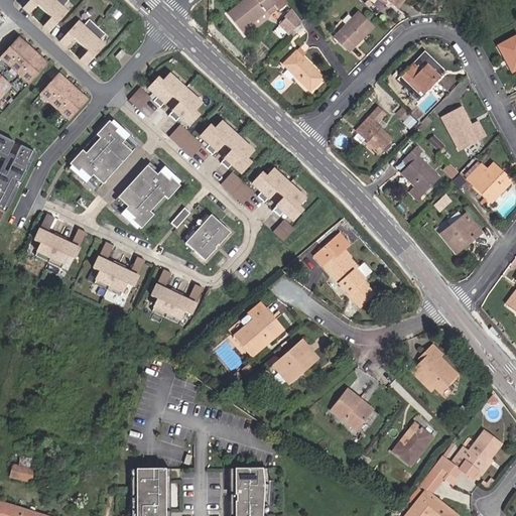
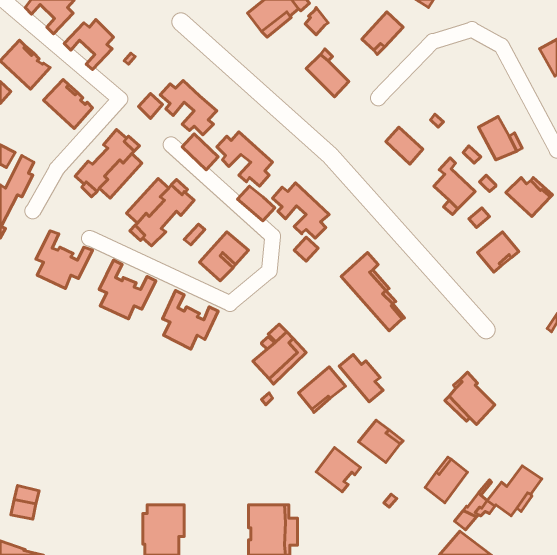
building: [400,56,440,96] -> none
building: none -> [339,354,383,402]
building: none -> [316,448,361,492]

